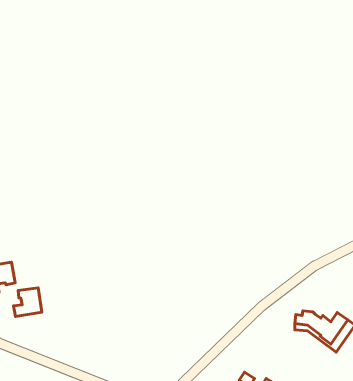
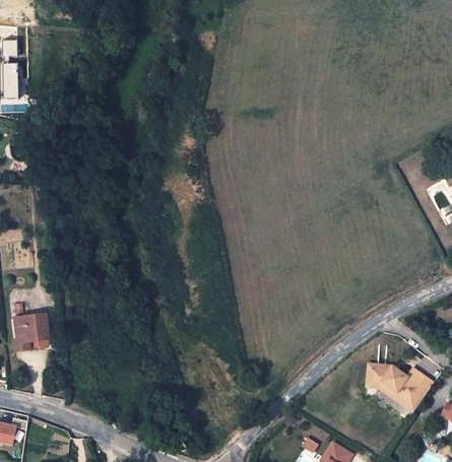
building: [13,288,42,317] -> none

